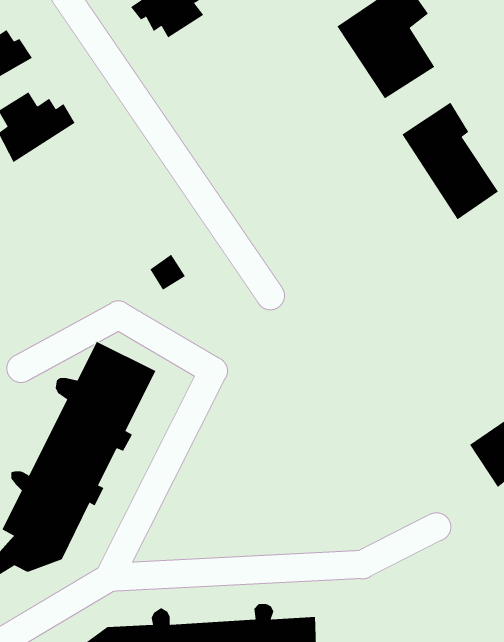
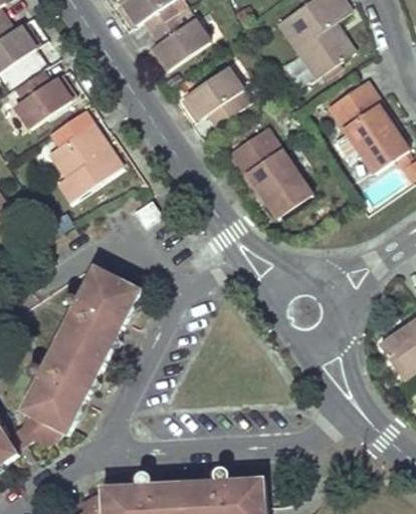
building: none -> [148,13,209,73]
building: none -> [182,69,241,125]
building: none -> [49,123,123,201]
building: none -> [227,128,310,216]

